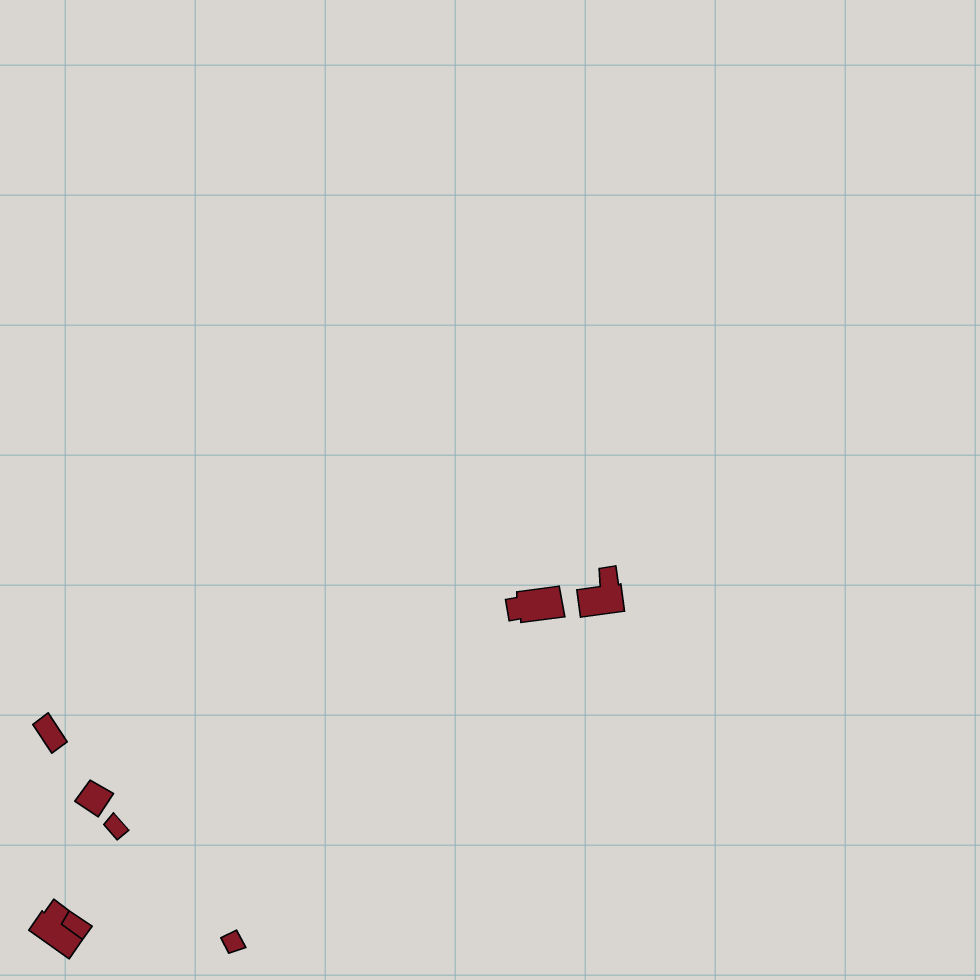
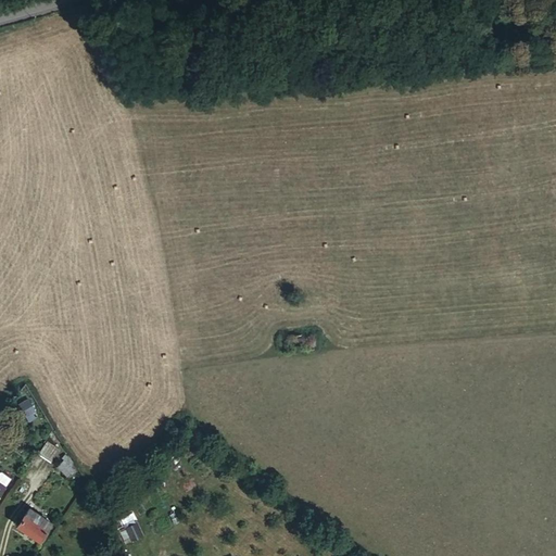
building: [577,566,624,617] -> none

